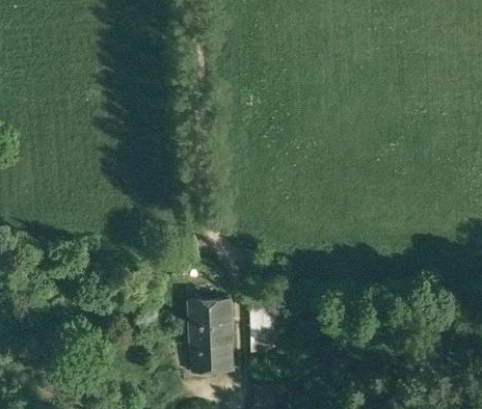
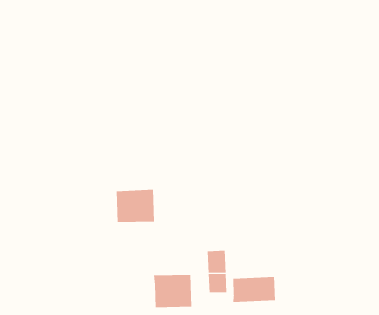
building: [188,298,232,335] -> [116,189,155,223]
building: none -> [233,276,276,303]

